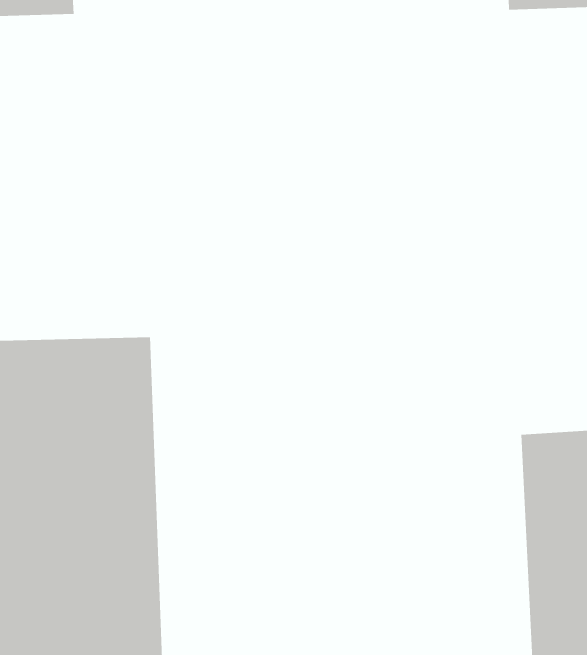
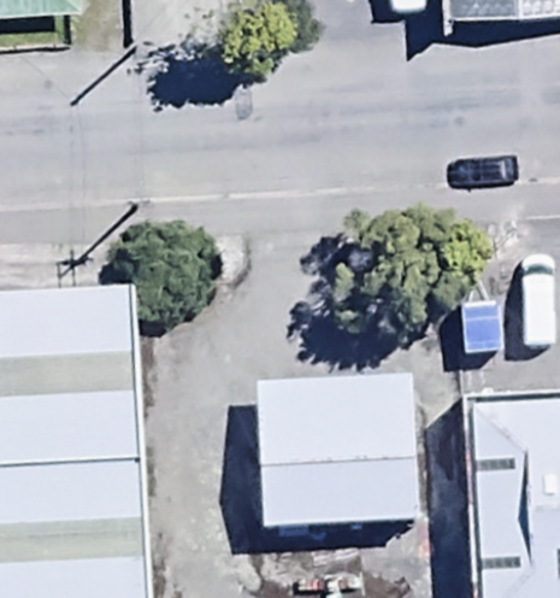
building: none -> [257,374,418,526]

